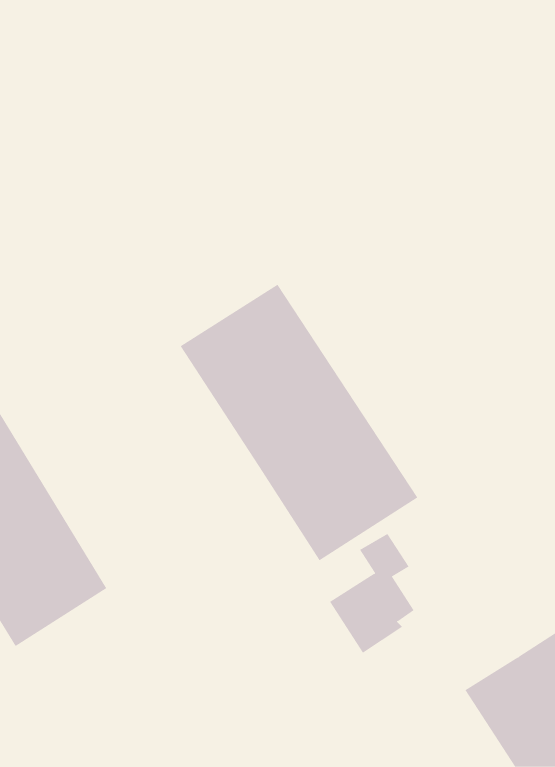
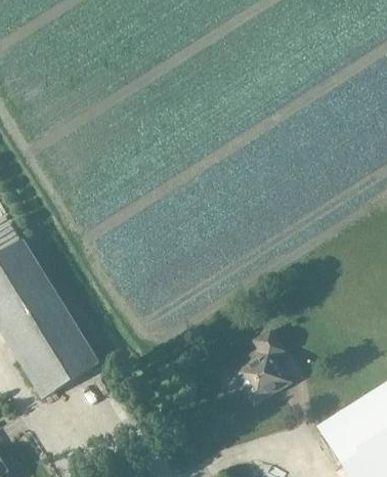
building: [180,284,418,561] -> none

